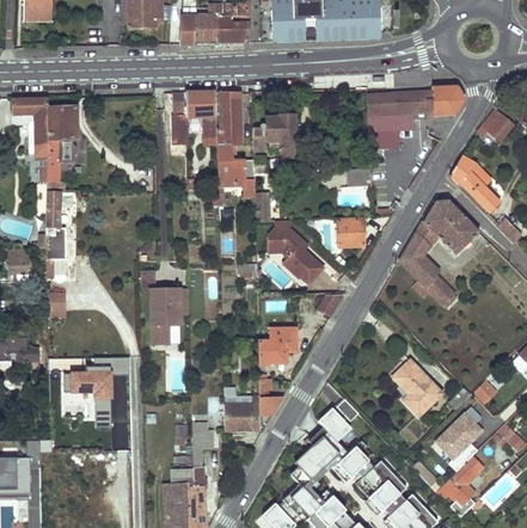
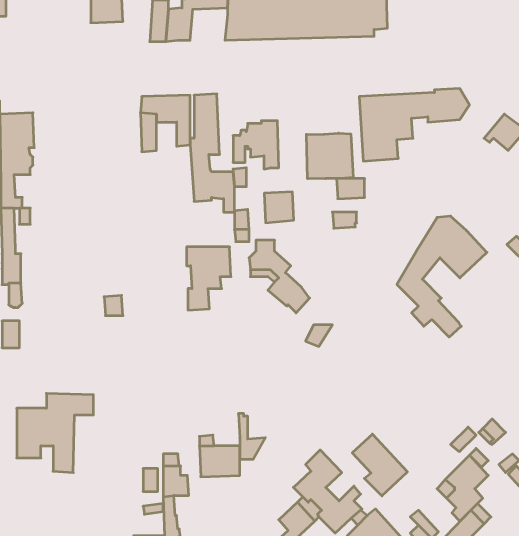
building: [215,14,249,43] -> none
building: none -> [306,133,353,179]
building: [449,155,500,213] -> none
building: [337,220,363,247] -> [264,192,294,223]
building: [149,290,189,346] -> [187,247,231,310]
building: [258,329,295,366] -> none
building: [392,360,441,415] -> [352,434,407,496]

